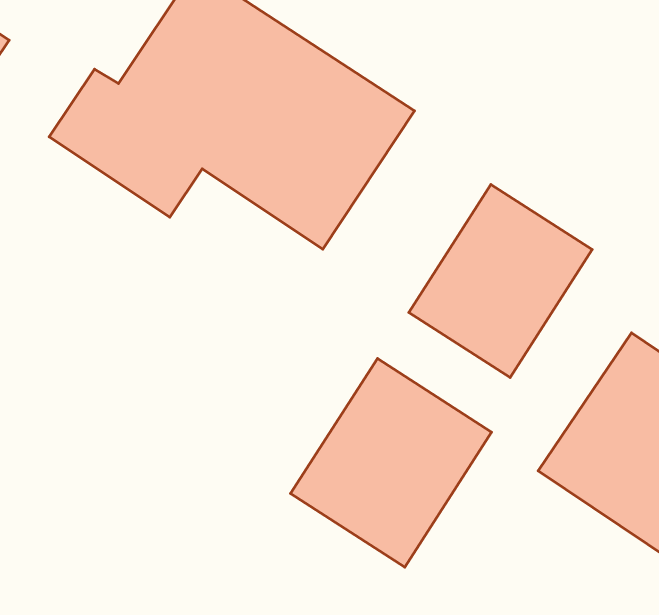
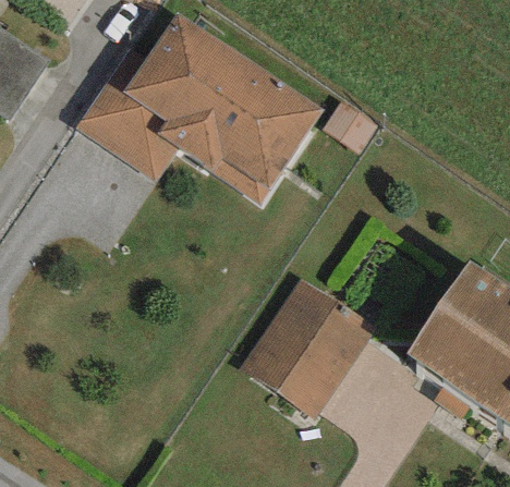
building: [409,184,592,378] -> none

